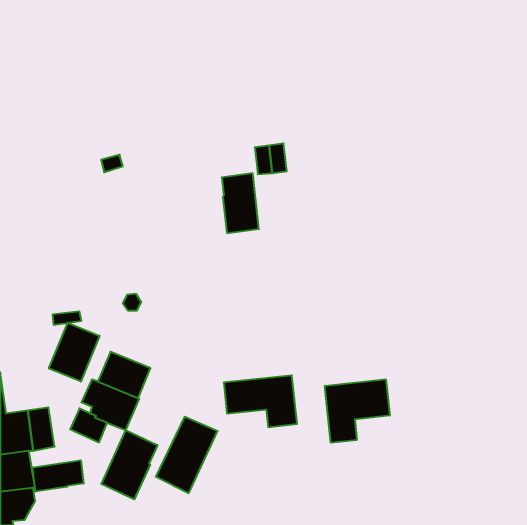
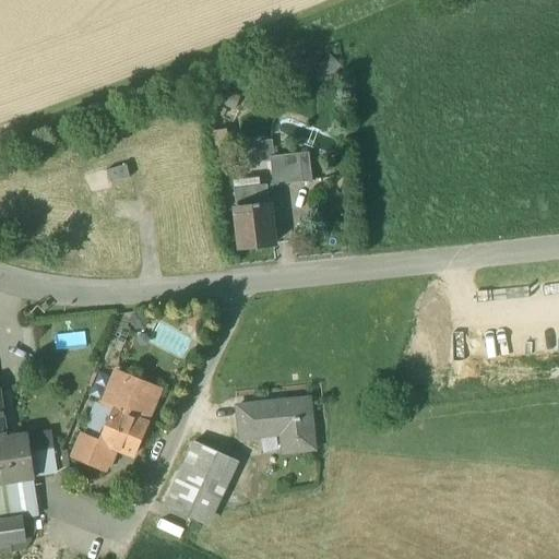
building: [49,323,100,382] -> none
building: [325,379,390,443] -> none
building: [101,430,157,499] -> none
building: [32,460,84,492] -> none

